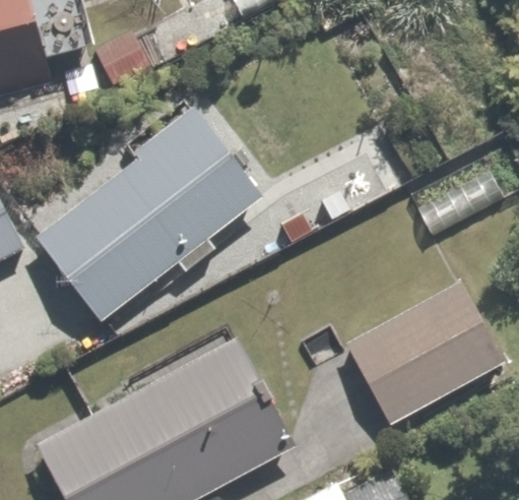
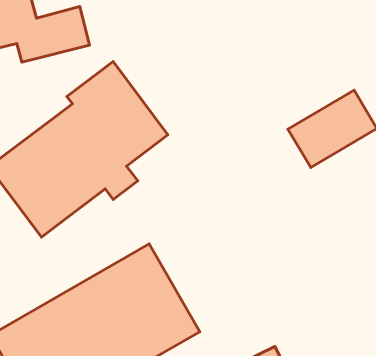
building: [345,282,504,427] -> none

